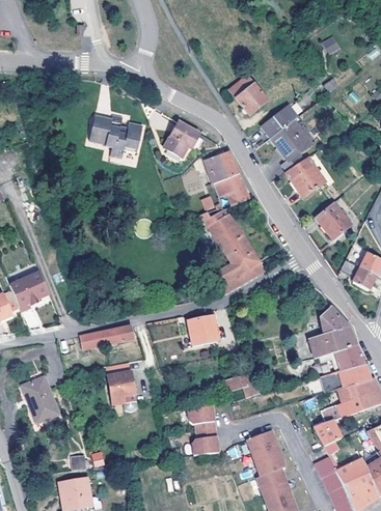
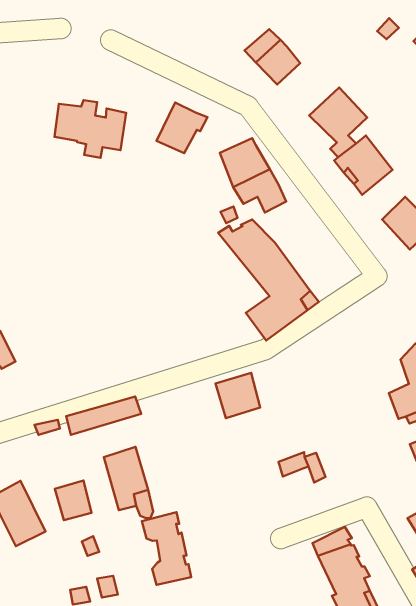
building: [262,105,298,138] -> none
building: none -> [55,481,92,520]
building: [187,403,218,453] -> [142,512,191,585]

